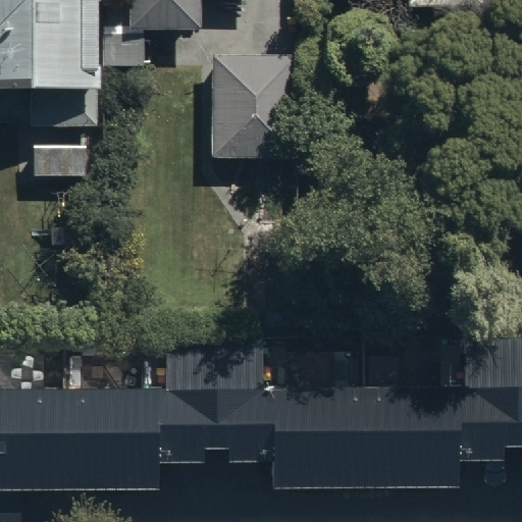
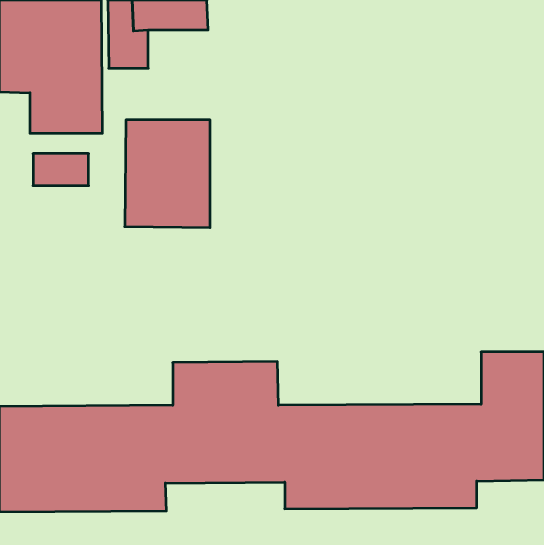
building: [212,55,294,158] -> [125,120,210,228]

